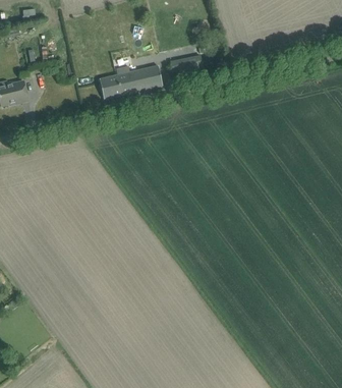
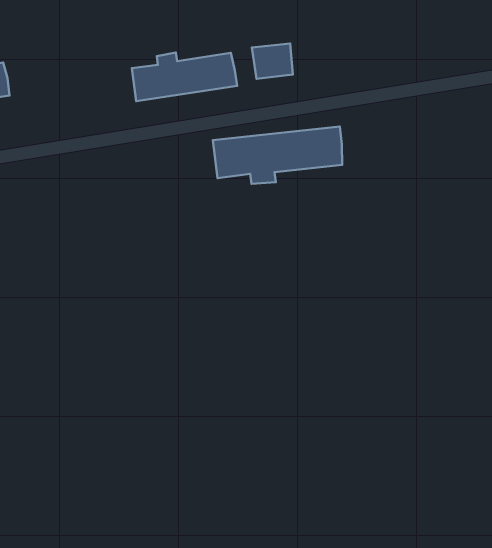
building: none -> [213,126,342,184]

